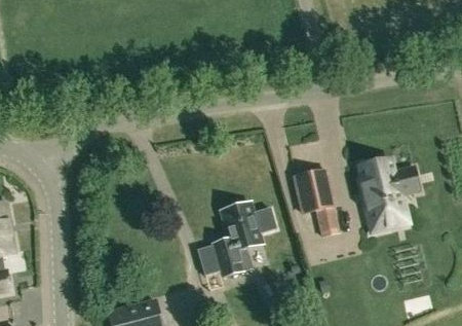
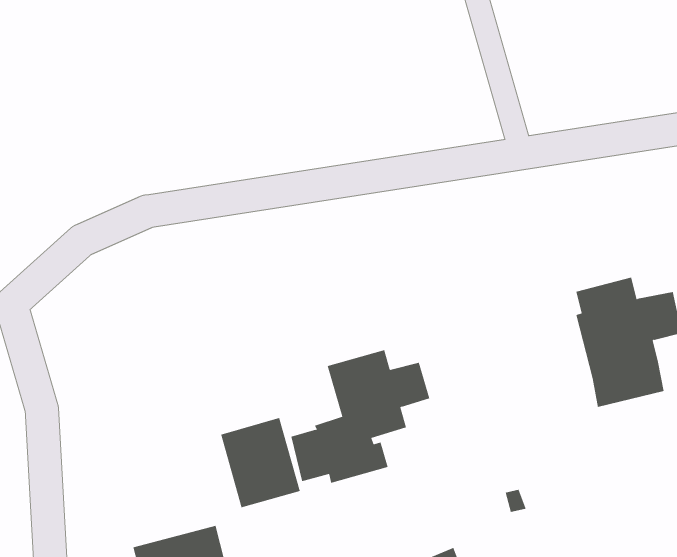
building: [295,170,338,231] -> none
building: none -> [220,417,301,508]

